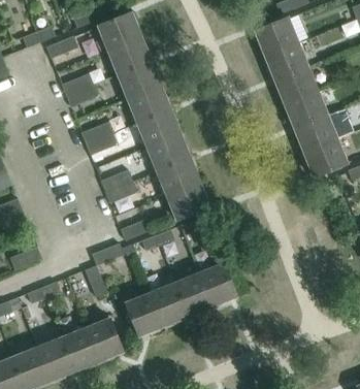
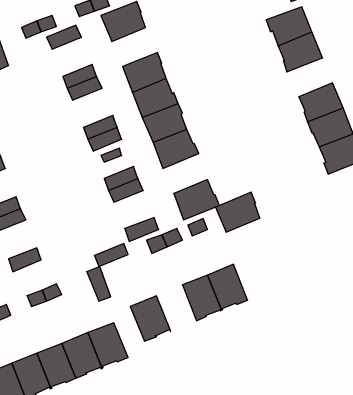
building: [108,37,152,74] -> none
building: [274,66,318,103] -> none
building: [157,157,199,195] -> [215,192,260,232]
building: [151,282,189,325] -> none

